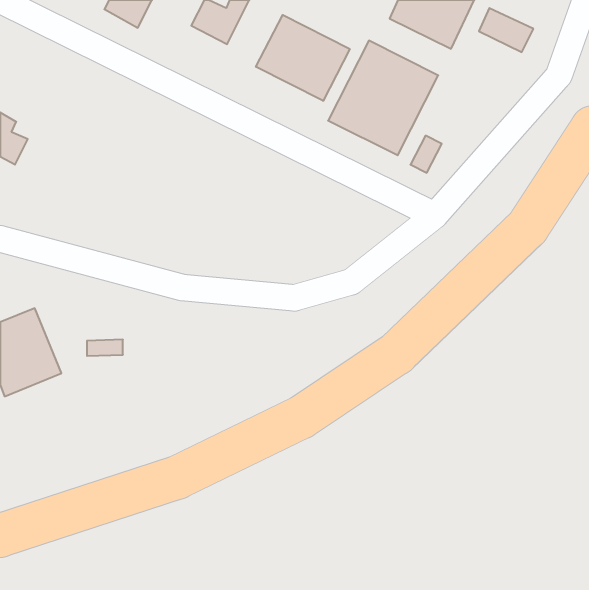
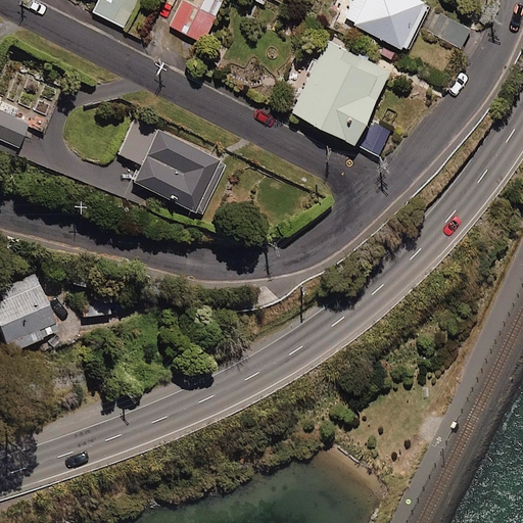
building: [256,15,350,101] -> none
building: none -> [121,122,225,216]

